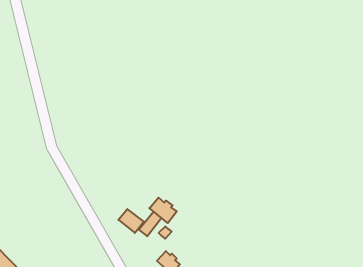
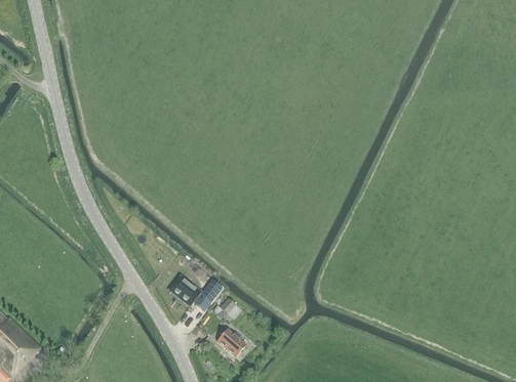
building: [149,198,177,223] -> none

